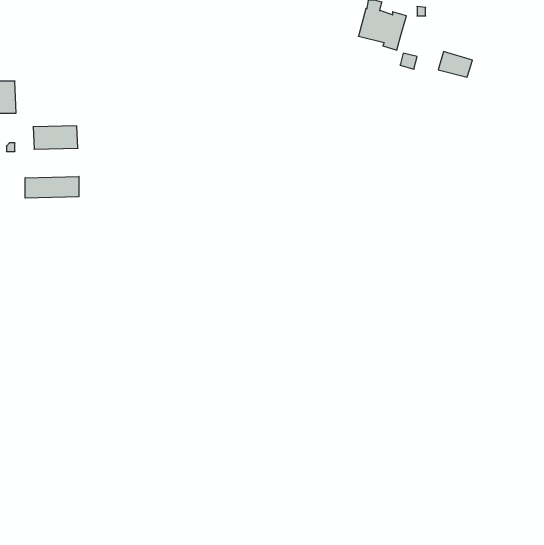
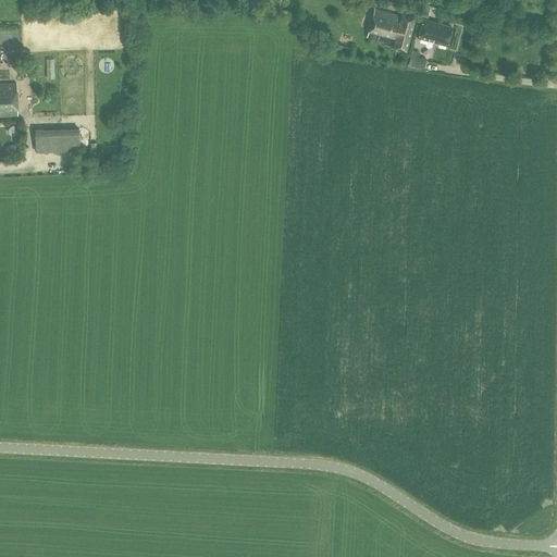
building: [438,52,472,77] -> [417,18,451,45]
building: [25,176,79,198] -> none

